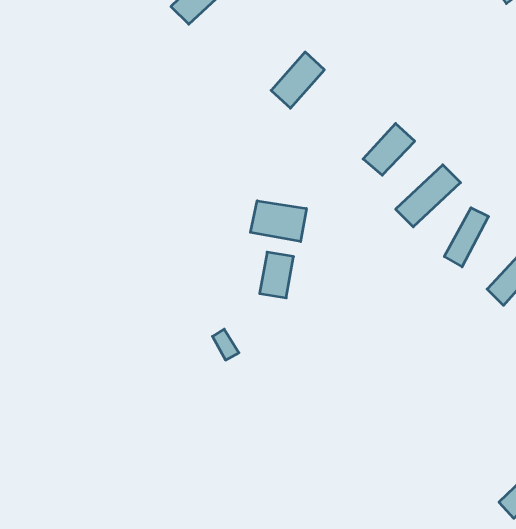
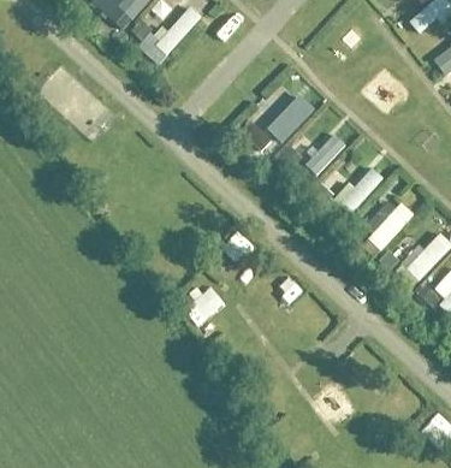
building: [271,52,324,108] -> [267,95,310,141]
building: [250,201,306,242] -> none

